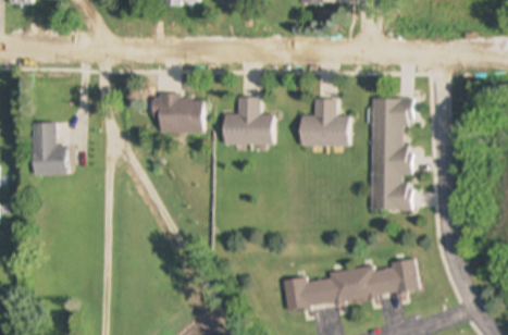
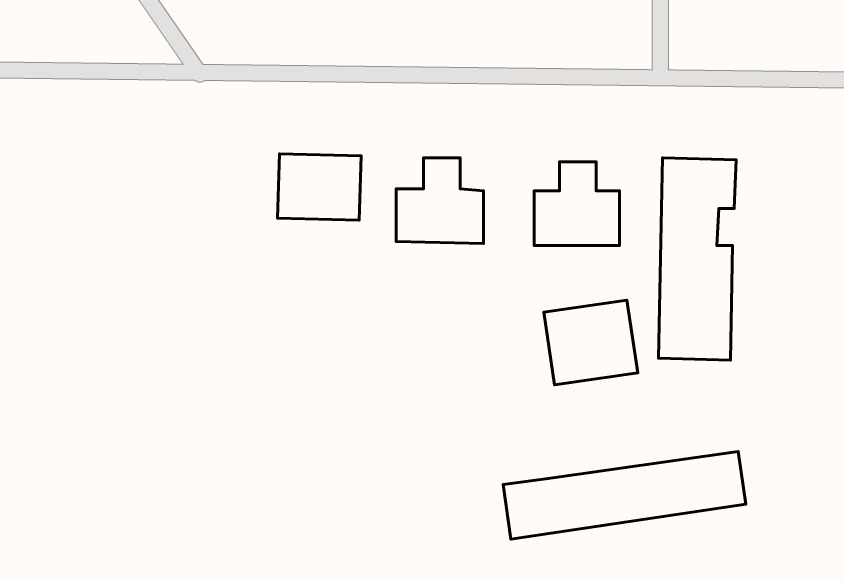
building: [32,122,65,173] -> none
building: none -> [544,300,638,385]

